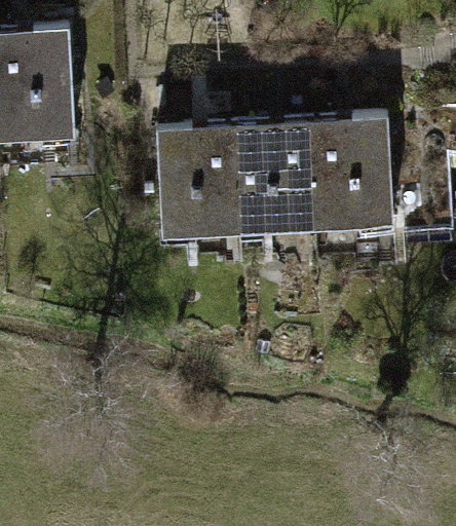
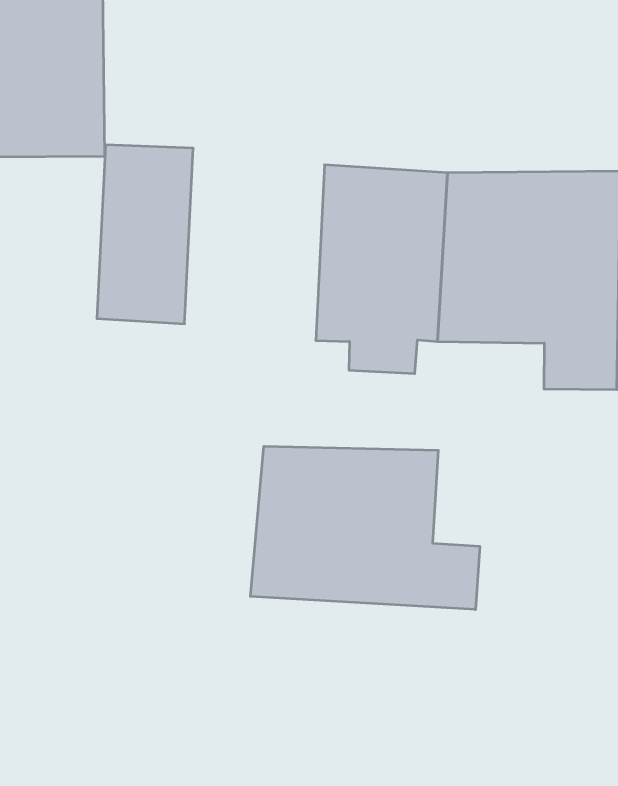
building: [157,126,214,234] -> [97,145,193,324]
building: none -> [250,446,480,610]

